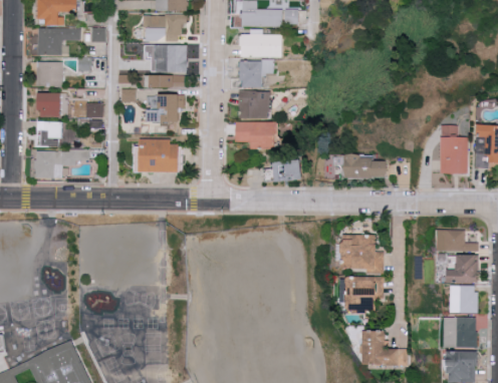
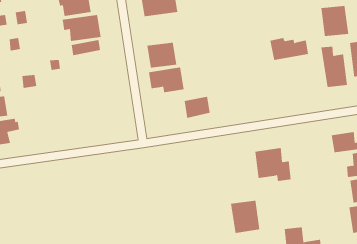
building: [238,59,273,87] -> none
building: none -> [321,5,349,37]
building: [146,94,179,123] -> none
building: [135,138,180,172] -> none
building: [342,153,386,178] -> [270,37,309,61]
building: [347,275,379,311] -> [230,200,260,234]

